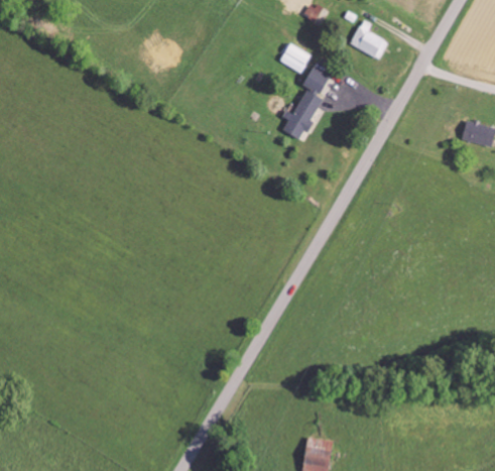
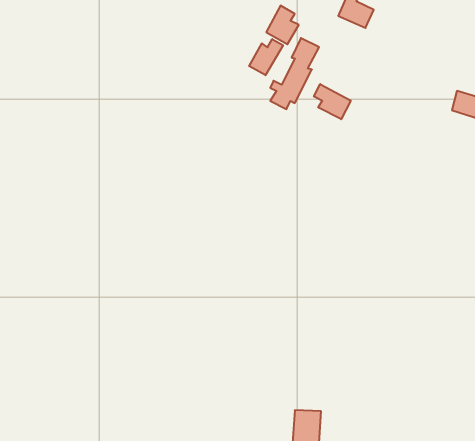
building: none -> [249,39,283,75]
building: none -> [314,84,351,119]

